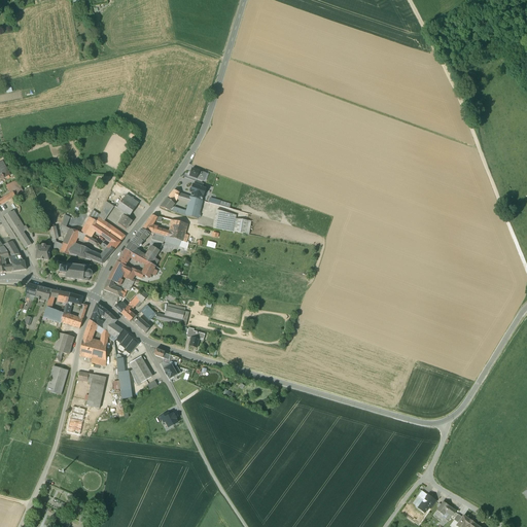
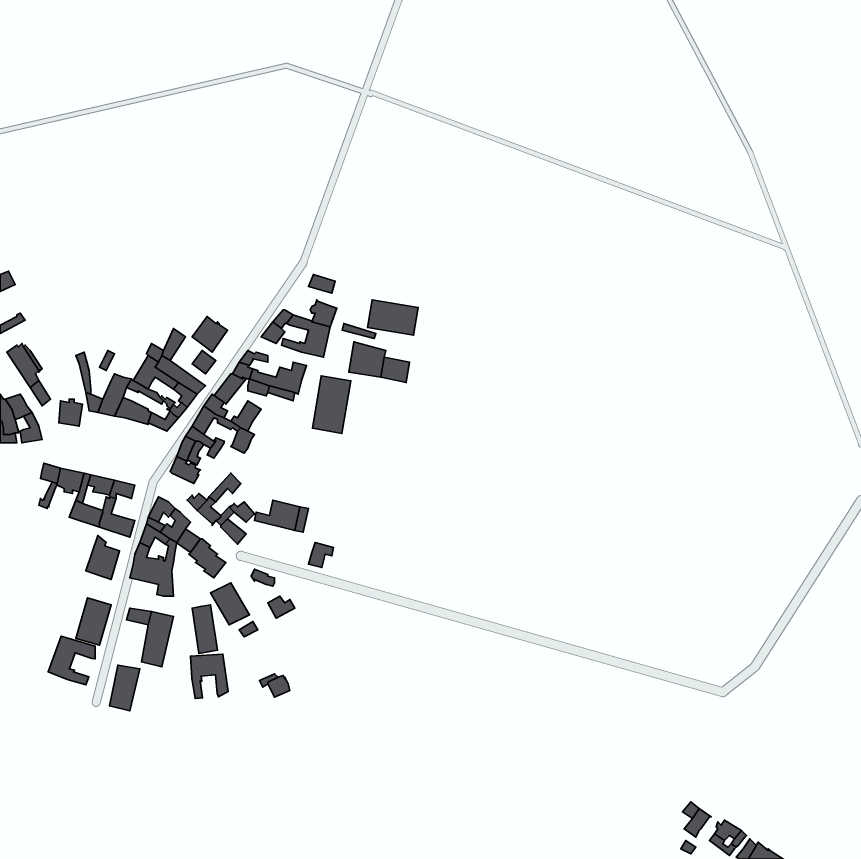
building: none -> [368,300,418,335]
building: none -> [313,376,351,433]
building: [60,264,92,280] -> none
building: none -> [48,636,95,685]
building: none -> [191,654,228,699]

